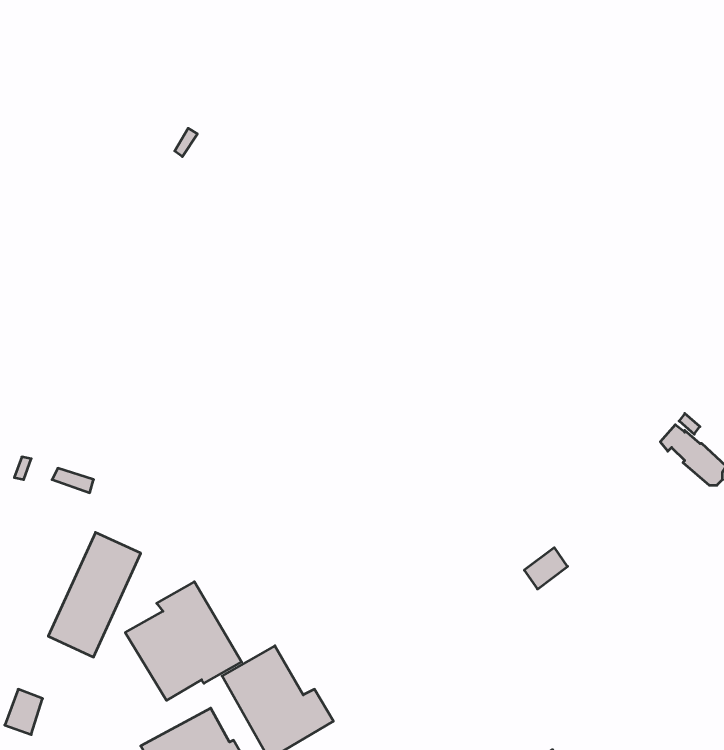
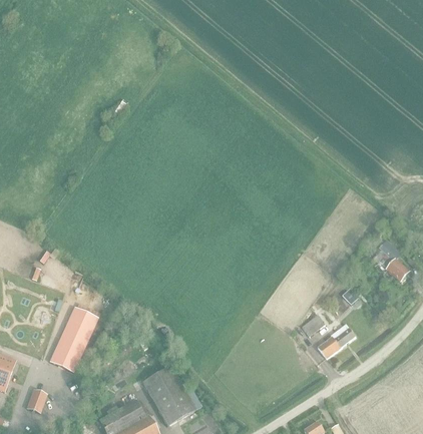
building: none -> [318,328,356,358]
building: [125,582,242,700] -> none

